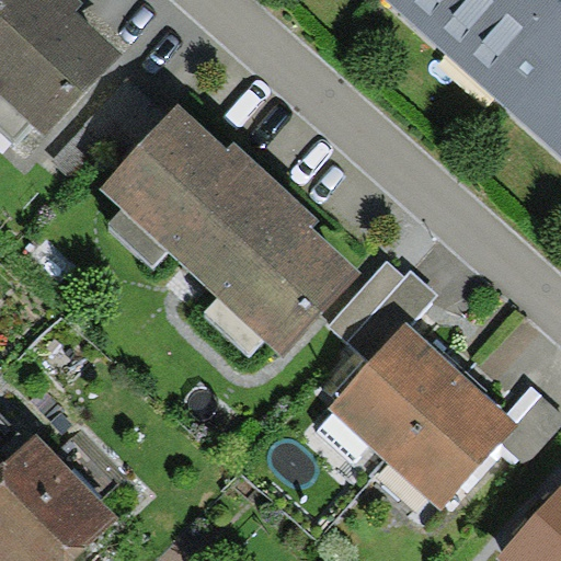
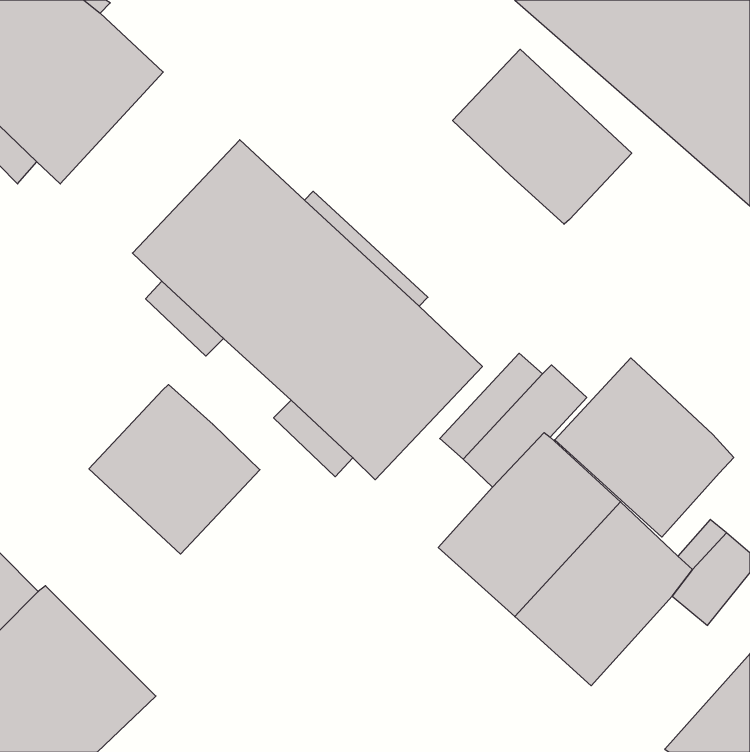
building: none -> [453,49,632,224]
building: none -> [555,358,734,537]
building: none -> [89,385,260,554]

